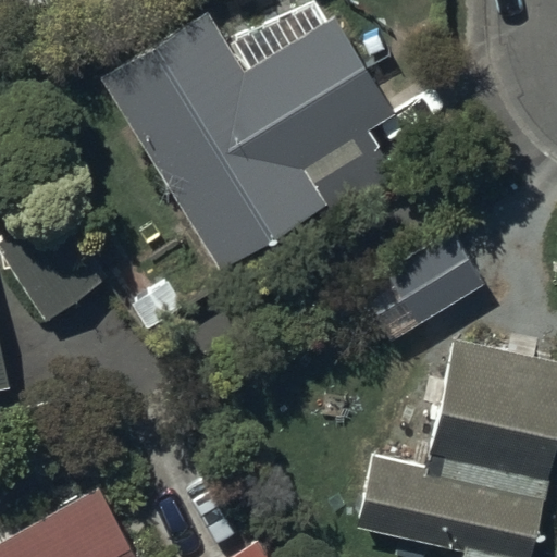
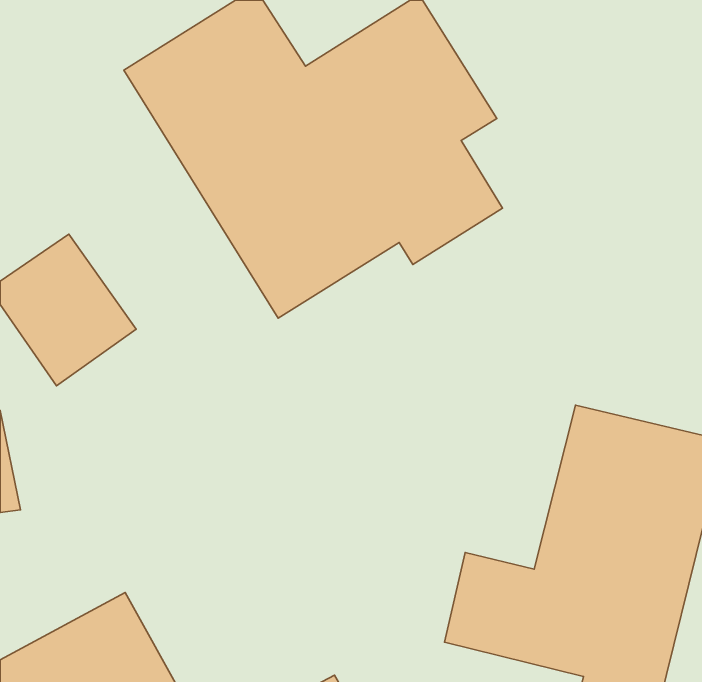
building: [359,232,485,343] -> none

